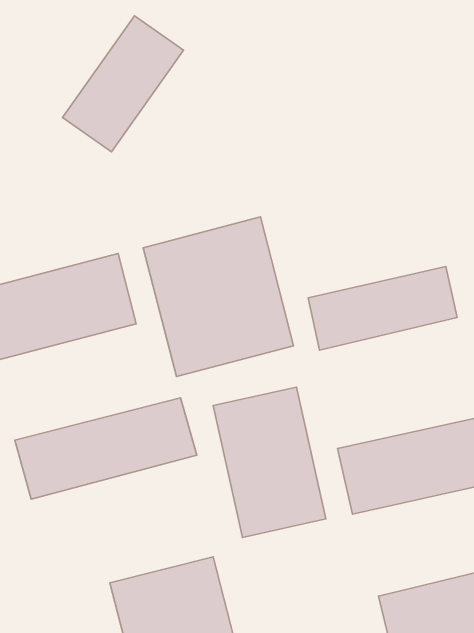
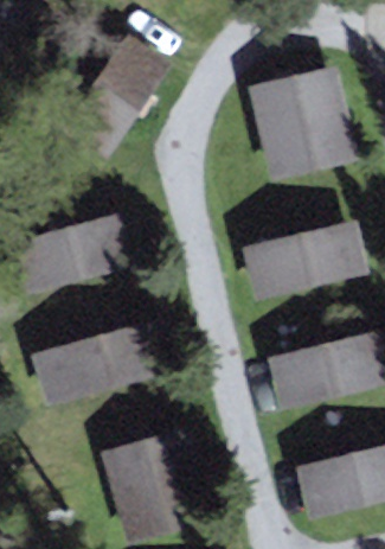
building: none -> [250,75,347,172]
building: [143,217,294,377] -> none
building: [213,387,326,537] -> none

